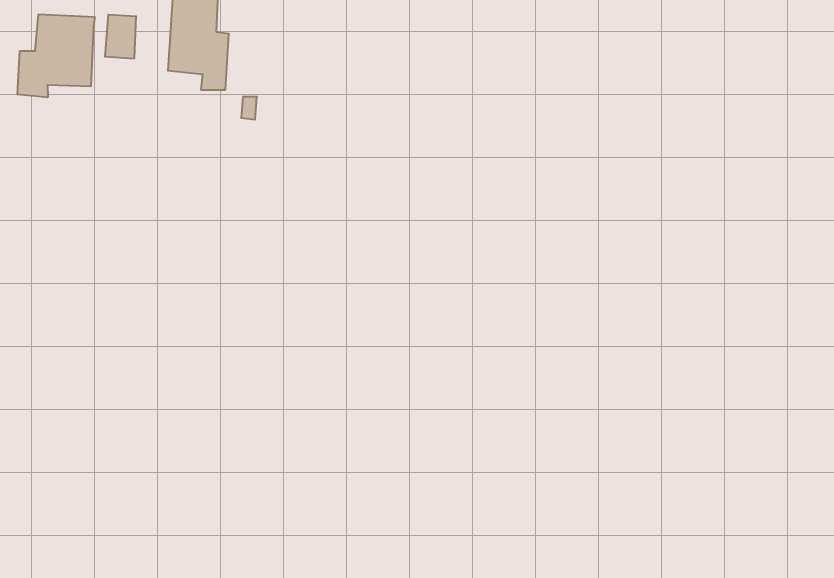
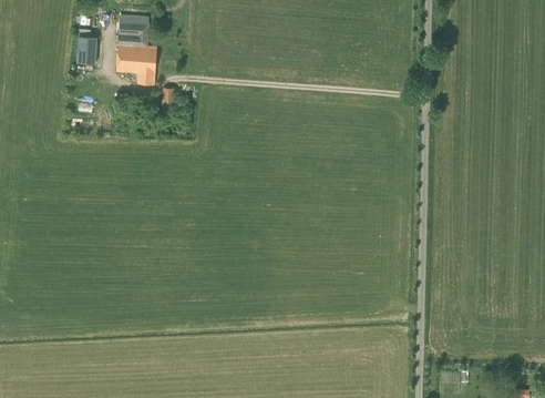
building: [18,14,95,97] -> none

